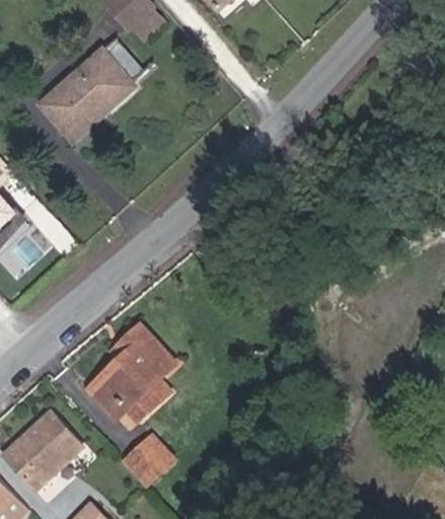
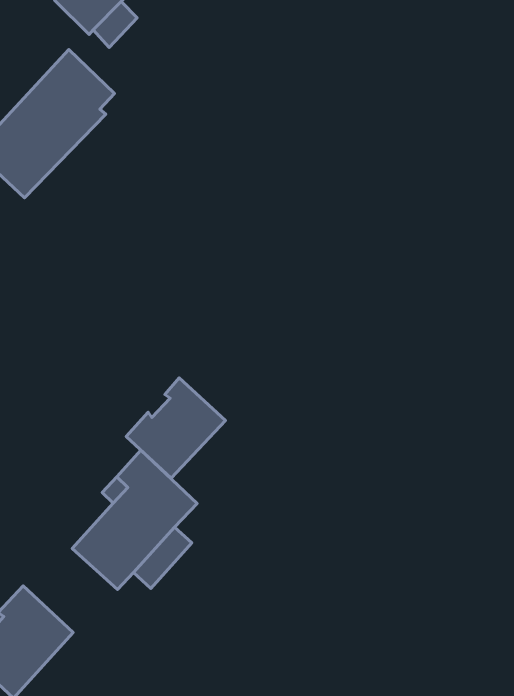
building: none -> [126,378,225,478]
building: [122,435,173,486] -> none

